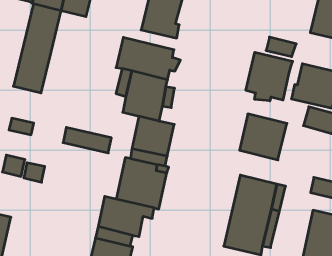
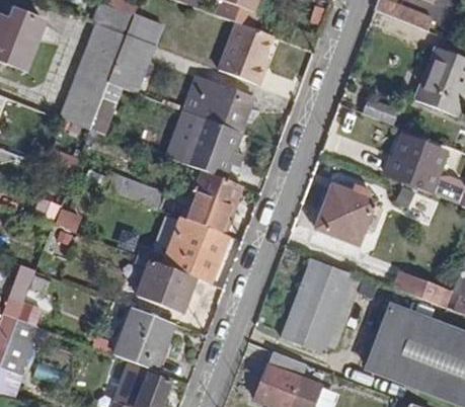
building: none -> [108,34,155,93]
building: [246,52,293,101] -> none

